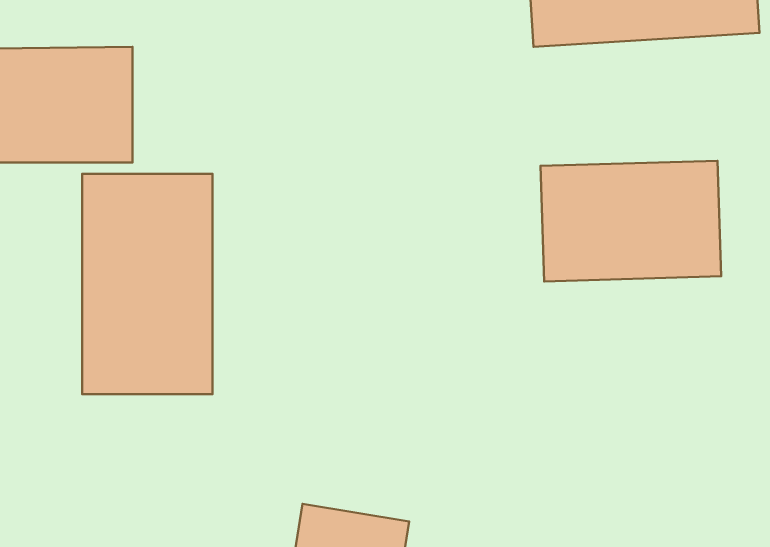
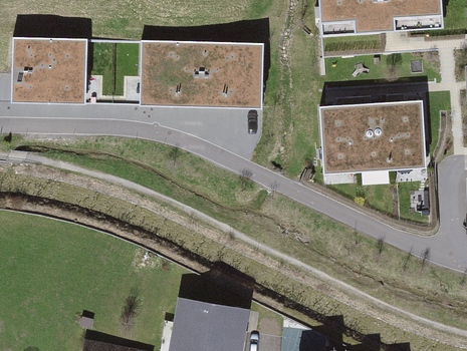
building: none -> [136,39,263,109]
building: [82,174,213,394] -> none

